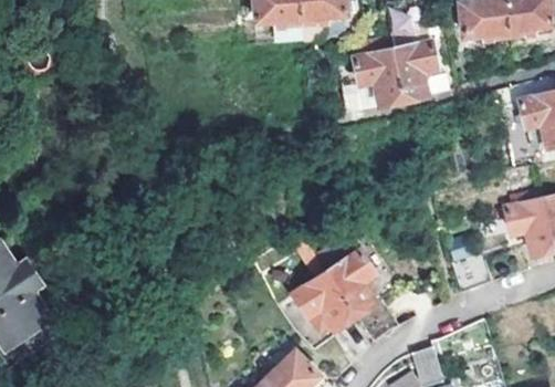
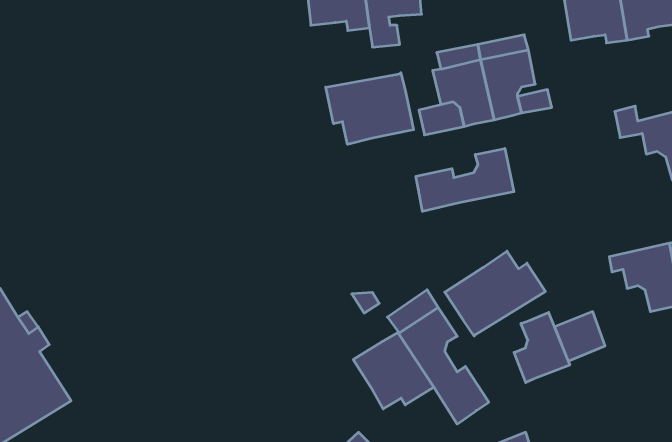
building: none -> [326,73,414,144]
building: none -> [416,148,514,211]
building: none -> [445,251,545,336]
building: none -> [514,312,570,383]

